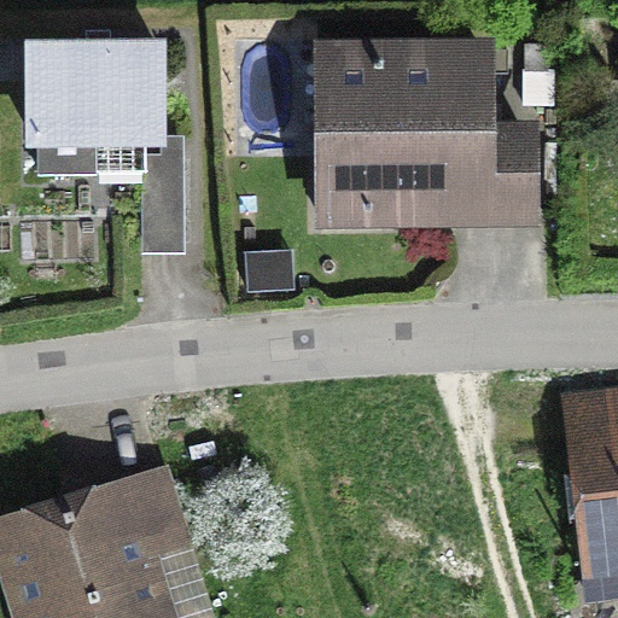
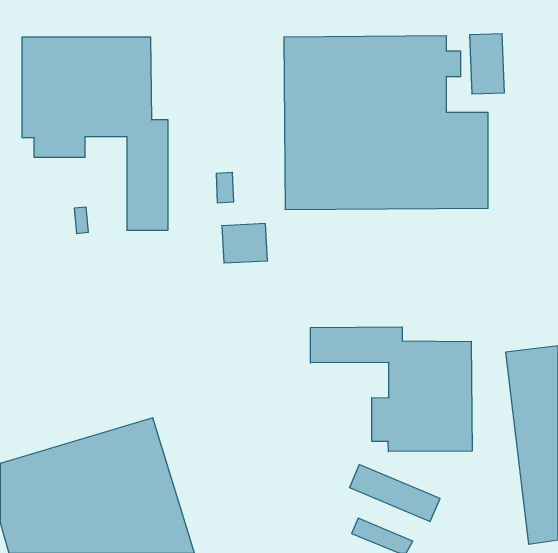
building: none -> [310,327,472,452]

